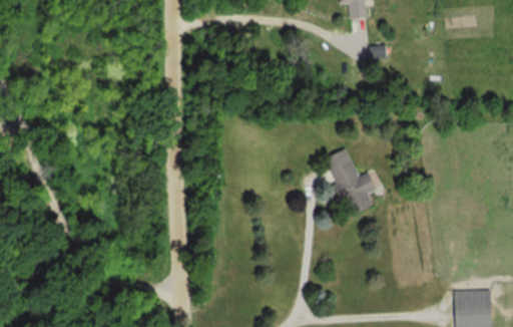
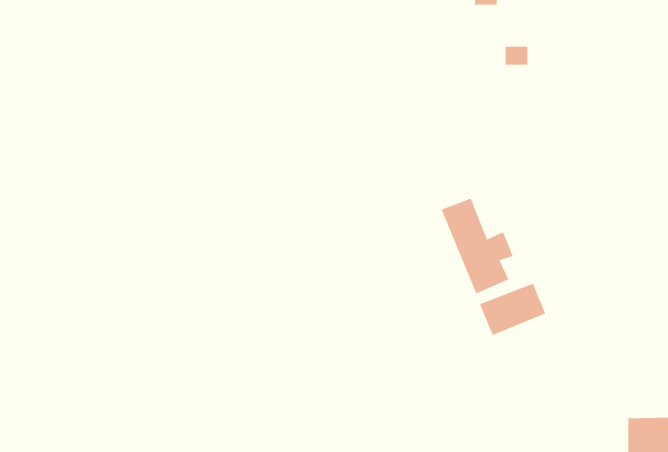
building: none -> [479,283,546,336]

